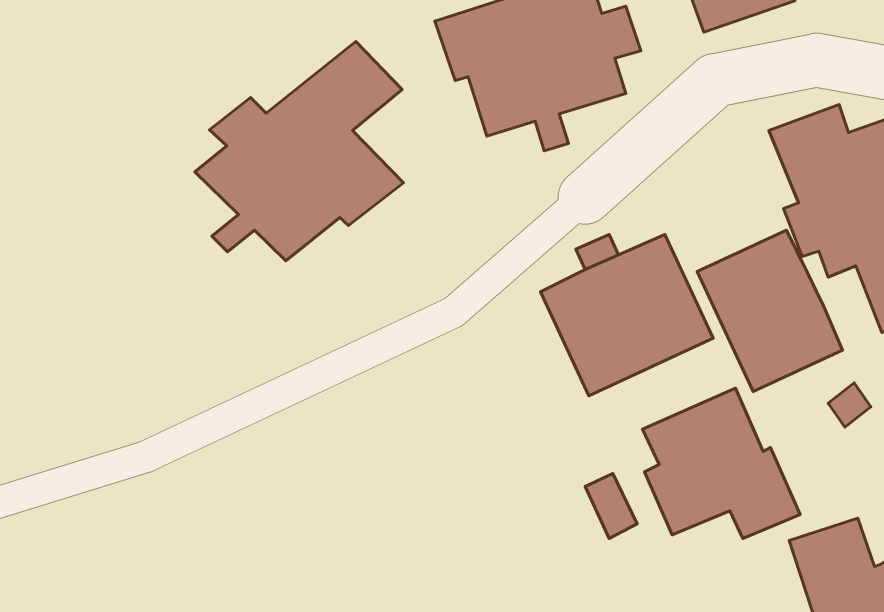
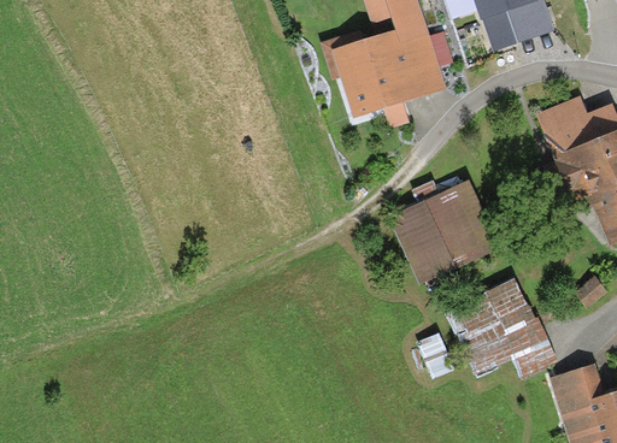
building: [195,41,404,261] -> none
building: [697,230,843,392] -> none

